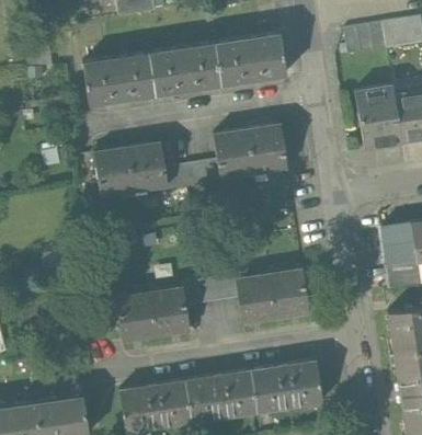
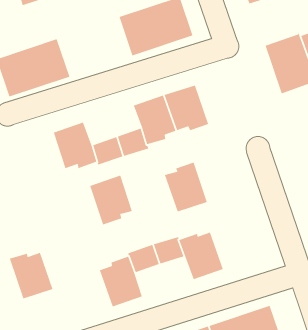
building: [149,43,221,95] -> none
building: [94,148,134,196] -> [89,175,133,226]
building: [270,268,309,317] -> [164,162,208,212]
building: [117,294,157,340] -> [9,252,54,299]

